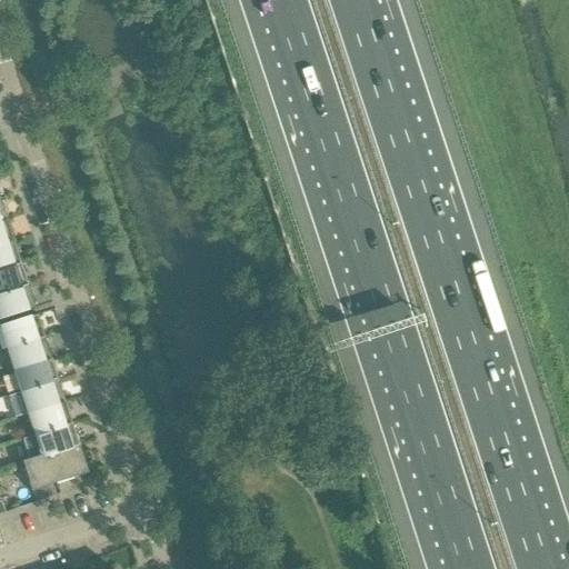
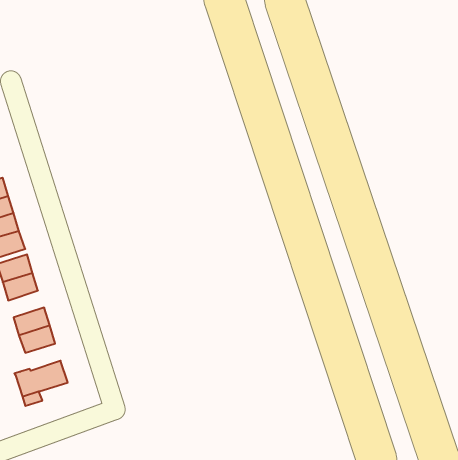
building: [10,358,54,391] -> none
building: [20,423,74,458] -> none

